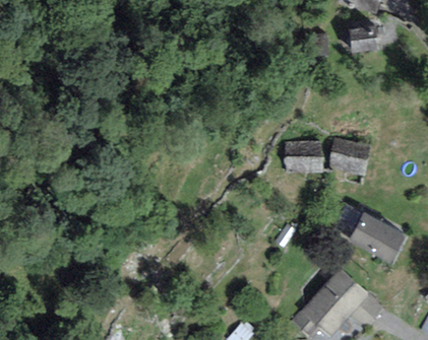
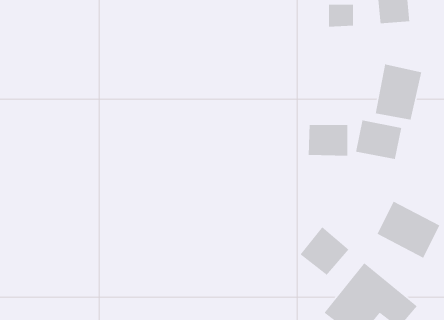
building: none -> [375,63,422,121]
building: none -> [300,226,350,276]

